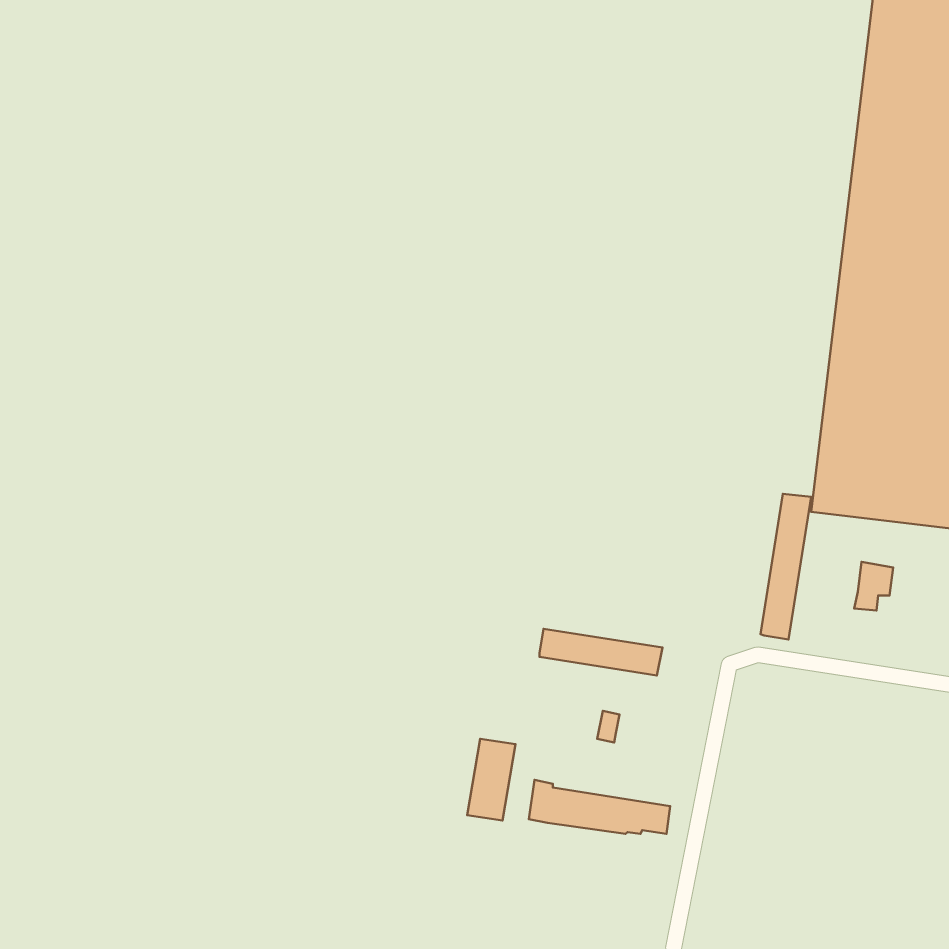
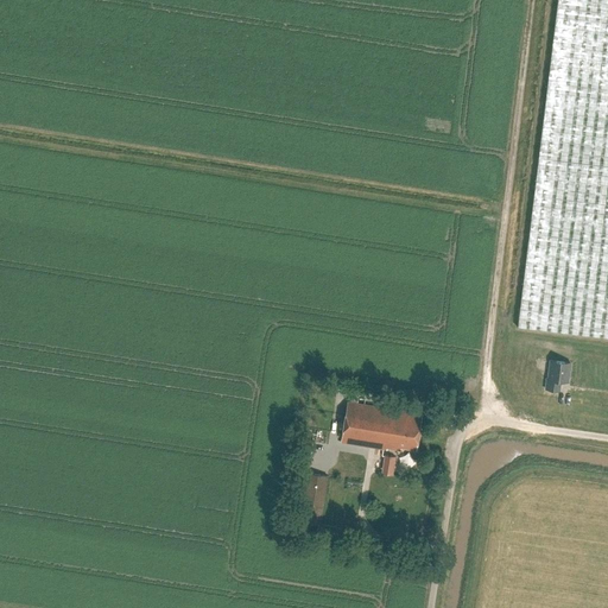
building: [761,494,811,640] -> none
building: [529,780,670,834] -> [330,414,420,449]

